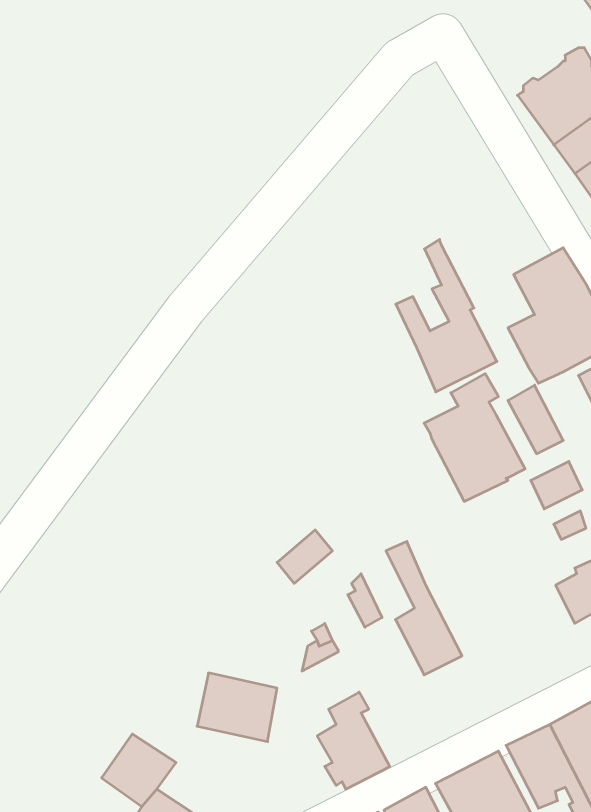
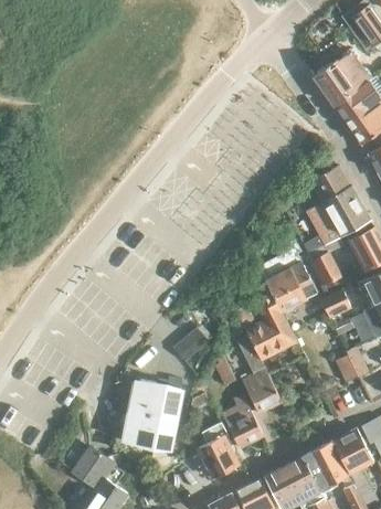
building: [396,239,497,392] -> [236,273,295,361]
building: none -> [134,381,180,421]
building: none -> [221,395,263,448]

